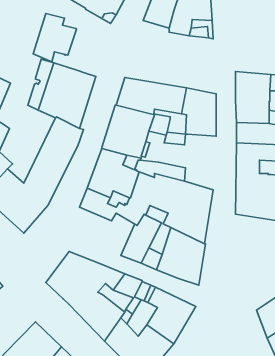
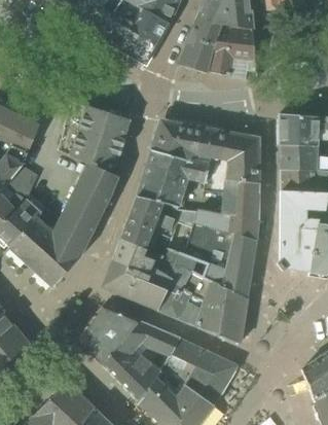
building: [33,13,76,62] -> none
building: none -> [225,180,259,240]
building: none -> [101,258,173,310]

